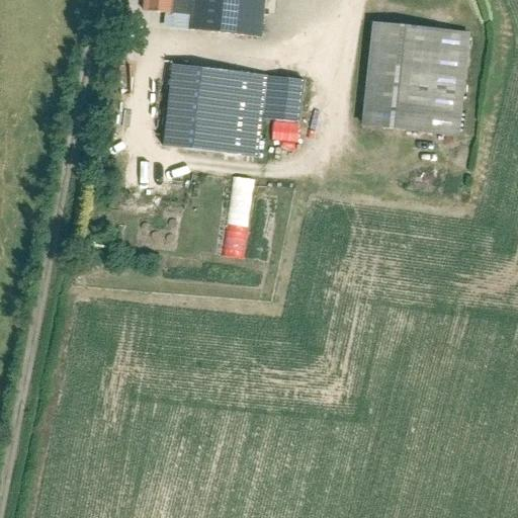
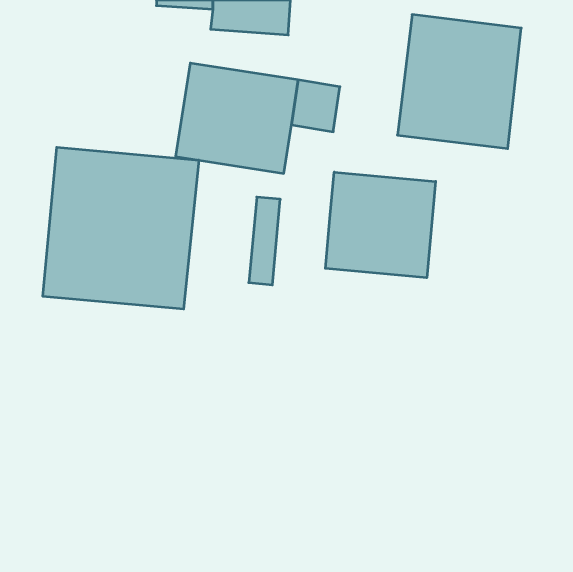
building: none -> [43,147,199,309]
building: none -> [325,172,436,278]

